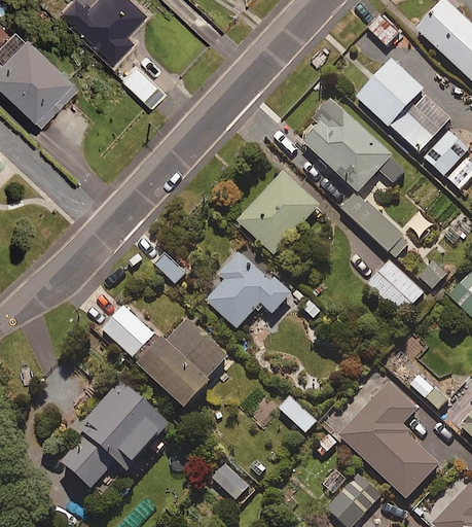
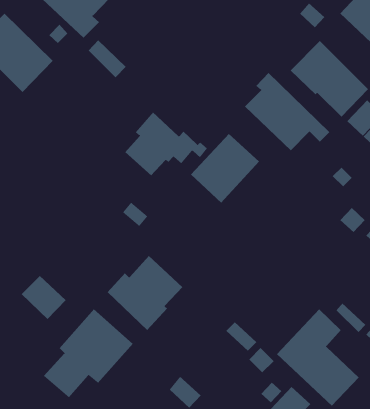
building: [337,190,408,258] -> none
building: [205,251,304,328] -> [125,112,208,176]
building: [368,260,424,315] -> none
building: [100,304,154,357] -> [21,275,66,320]

